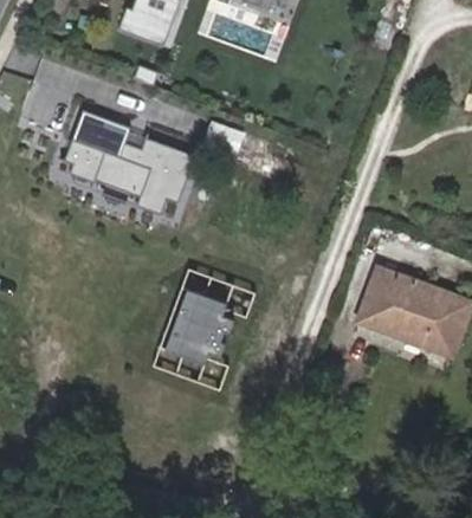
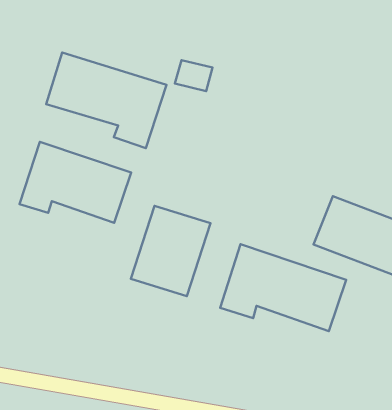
building: none -> [20,142,131,223]
building: none -> [220,244,346,331]

